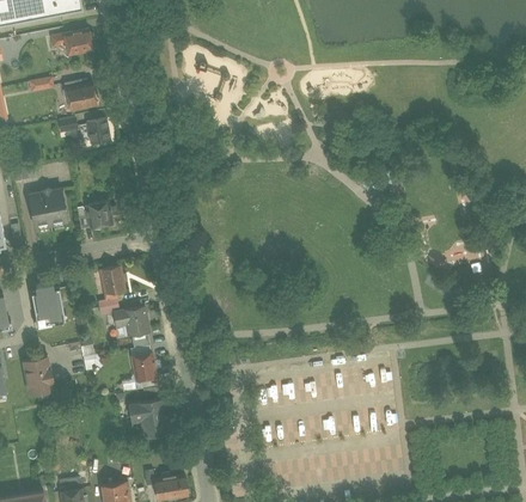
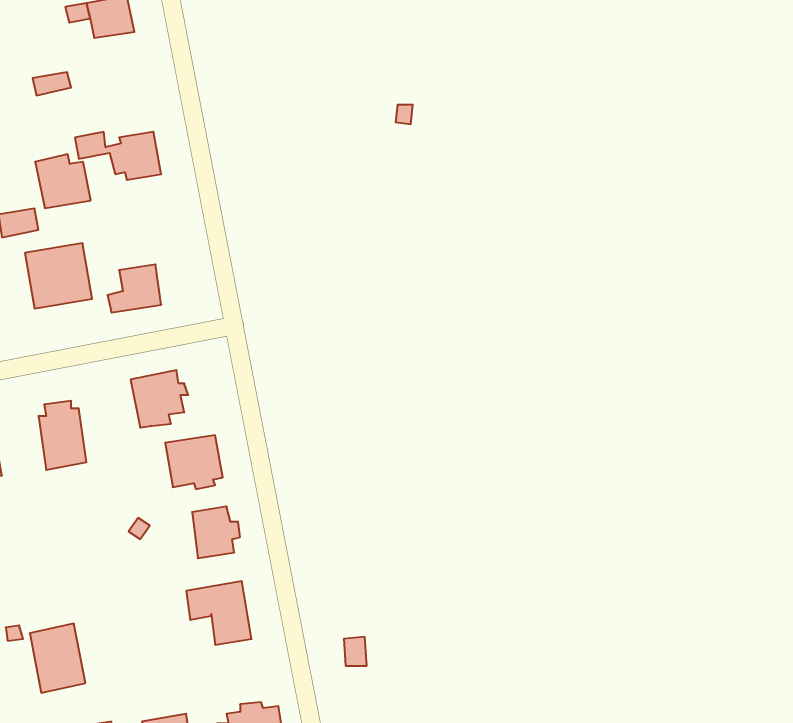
building: [62,78,97,111] -> [35,154,91,208]
building: [20,354,55,397] -> [30,624,85,693]

